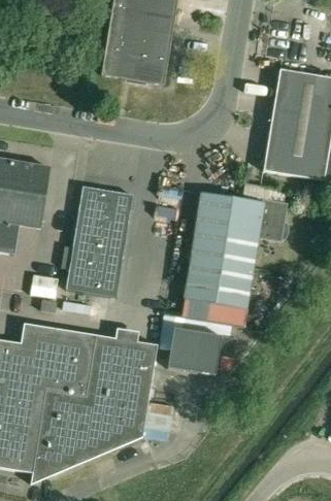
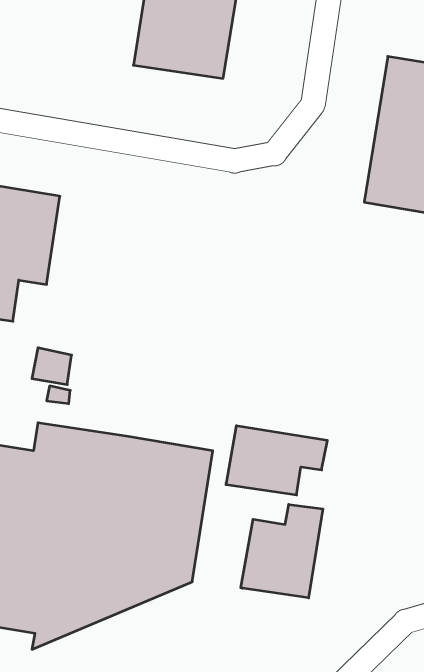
building: [181,183,288,325] -> none
building: [65,186,133,297] -> none
building: none -> [241,504,323,598]

